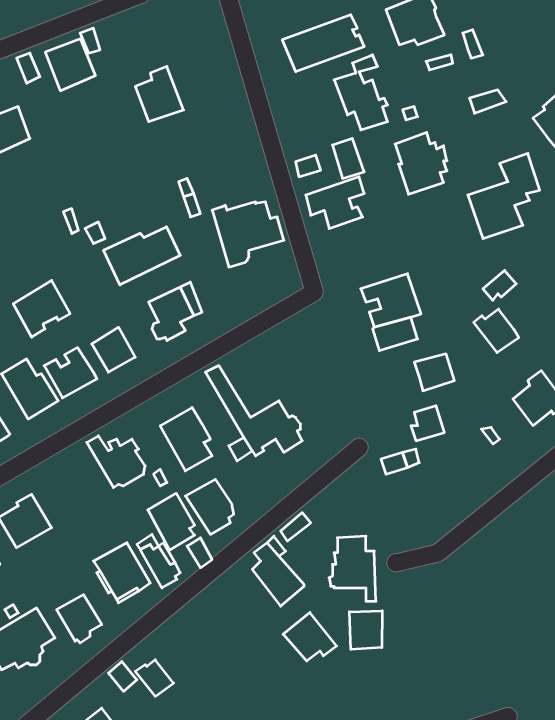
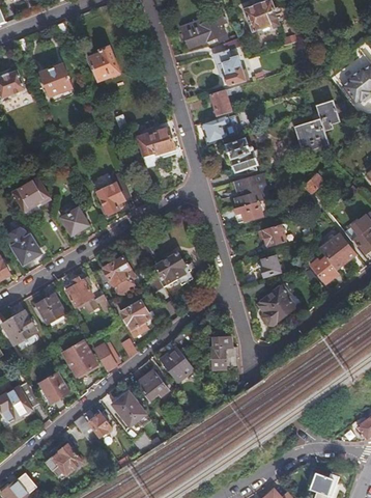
building: [45,39,95,91] -> [39,63,70,95]
building: [395,132,447,194] -> [226,138,258,176]
building: [104,227,180,285] -> none
building: [474,309,519,353] -> [310,255,338,282]
building: [44,348,97,398] -> none
building: none -> [258,284,294,324]
building: [148,493,195,550] -> [36,293,65,328]
building: [349,611,382,649] -> none
building: [283,612,337,661] -> [136,368,169,398]
building: none -> [112,390,145,425]

